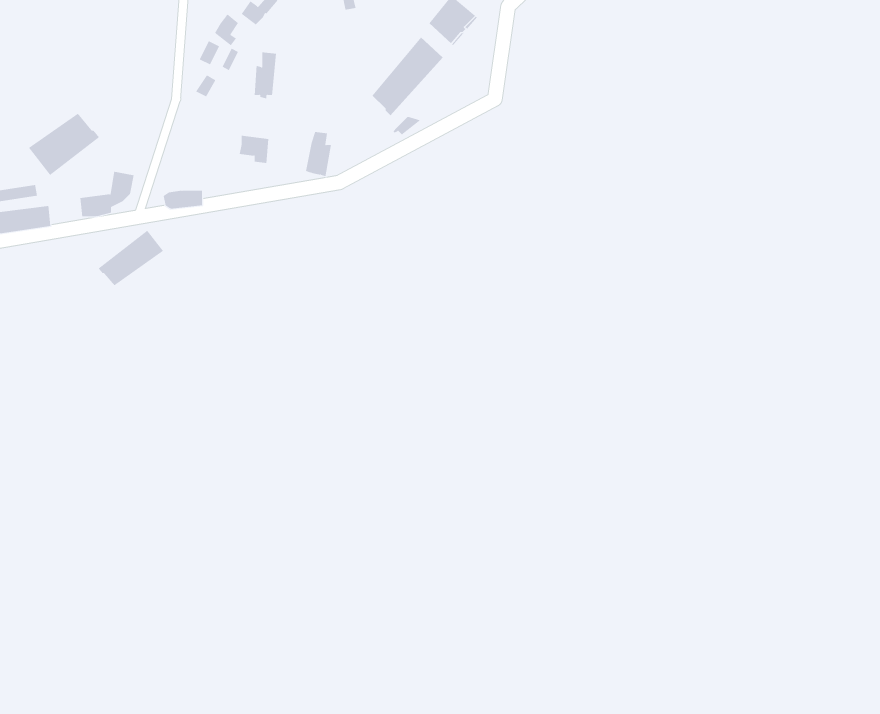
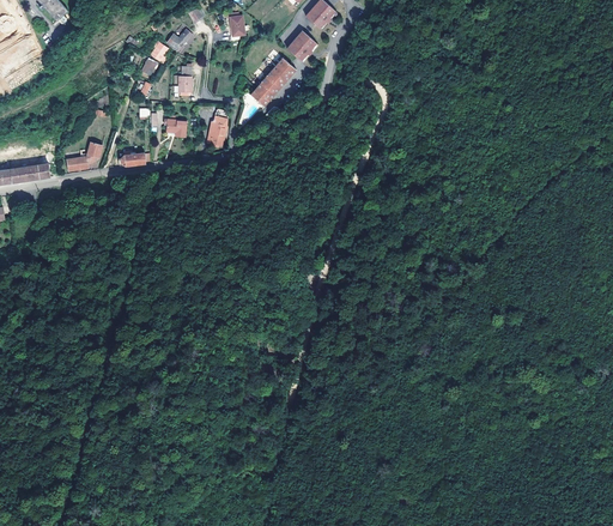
building: [28,113,100,176] -> none
building: [98,230,164,286] -> none

